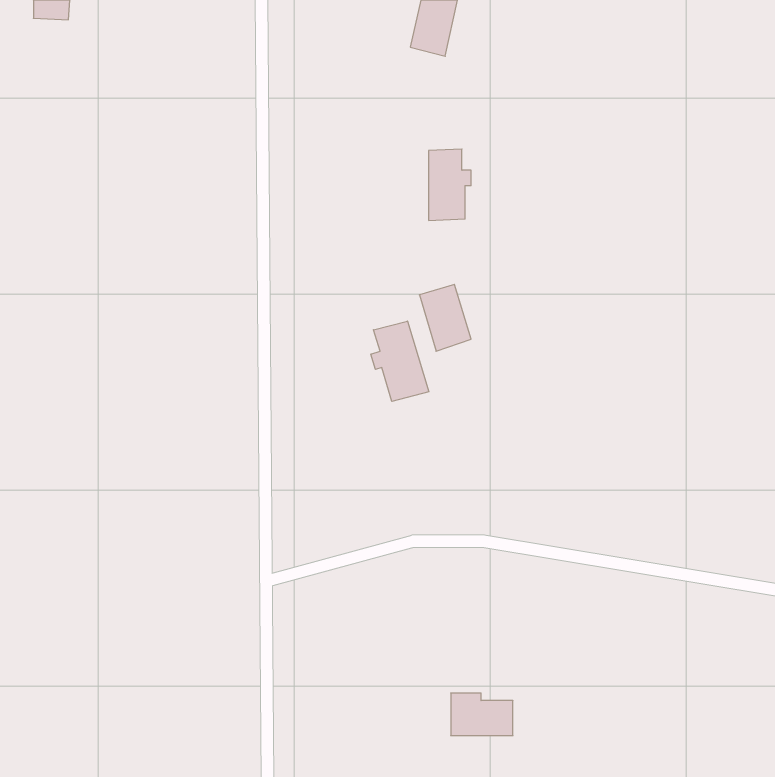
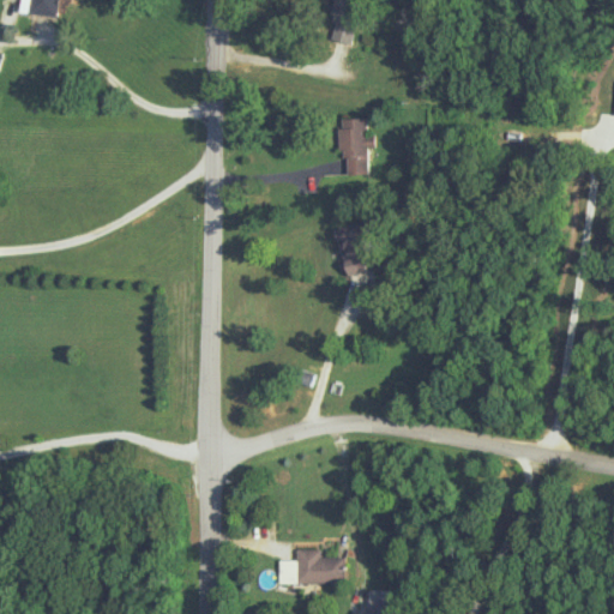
building: [371,321,429,401] -> none
building: [451,693,513,736] -> [296,549,345,583]

